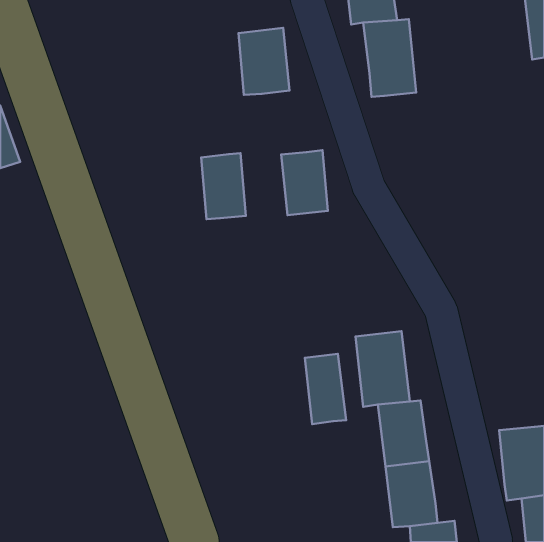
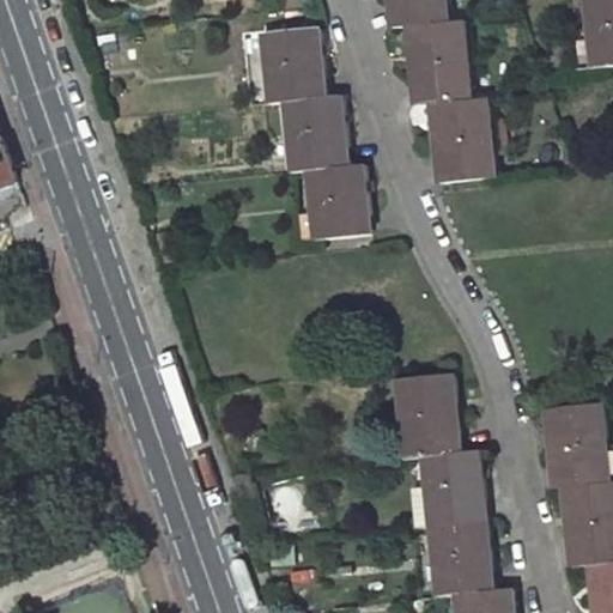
building: none -> [432,103,487,183]
building: [201,153,246,219] -> [295,101,345,175]
building: [305,354,346,424] -> none
building: none -> [540,400,601,485]

